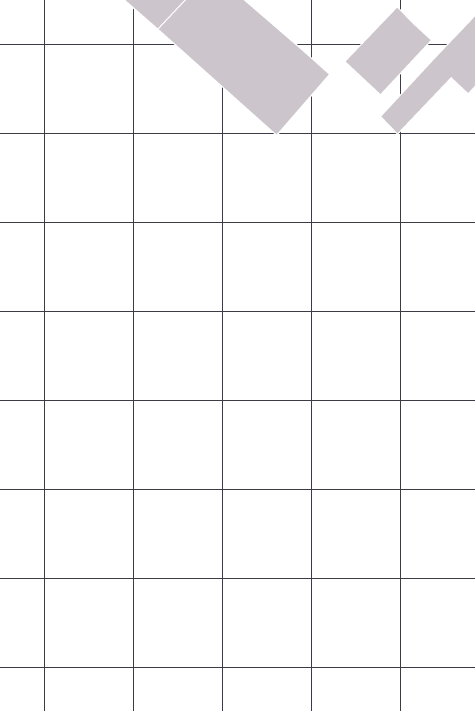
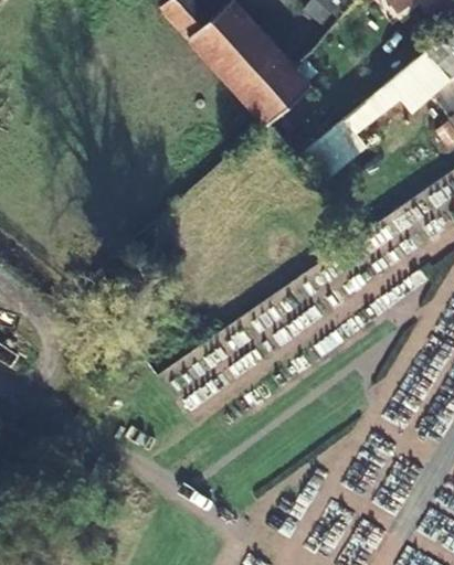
building: [345,7,431,95] -> [299,121,365,184]

